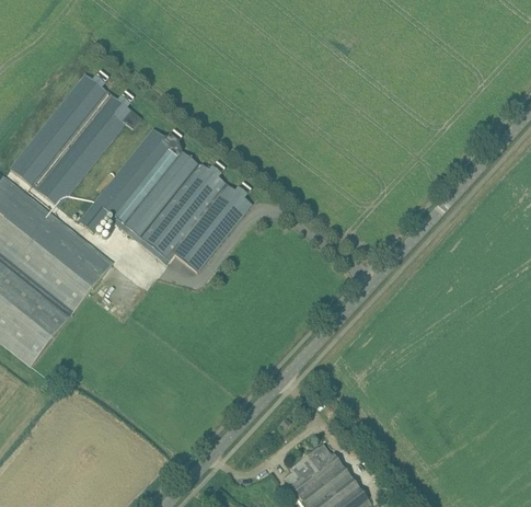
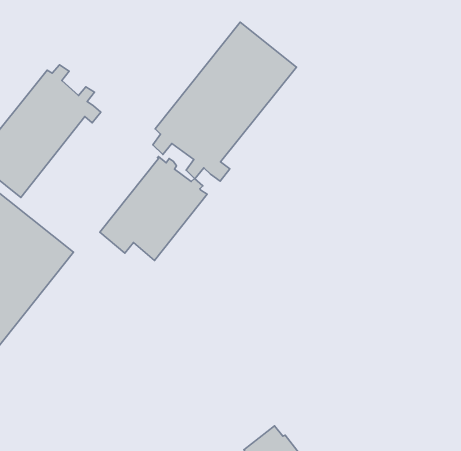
building: none -> [153,22,297,181]
building: [80,127,201,242] -> none

